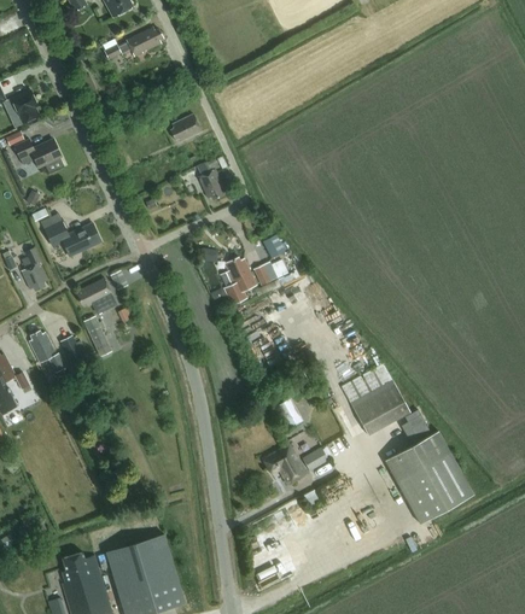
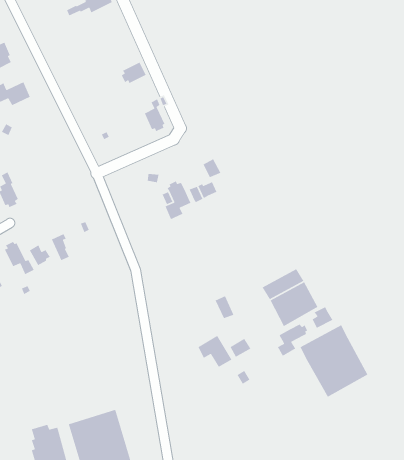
building: [43,223,101,257] -> none
building: [77,277,117,314] -> none
building: none -> [277,324,308,357]

